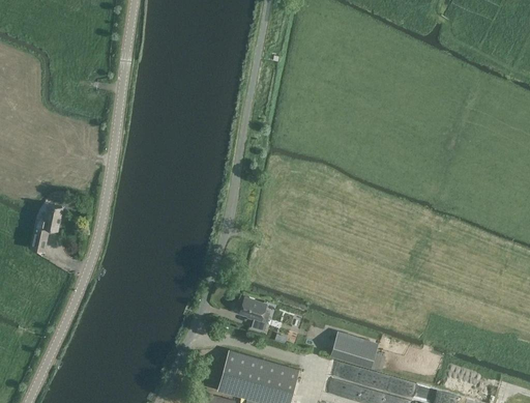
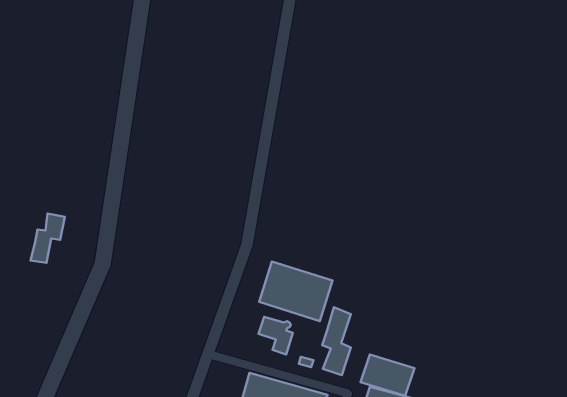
building: none -> [259,261,332,321]
building: none -> [322,307,351,375]

